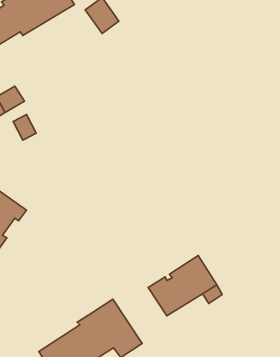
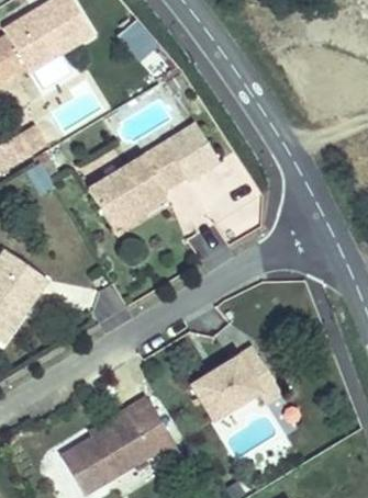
building: none -> [89,117,220,220]

